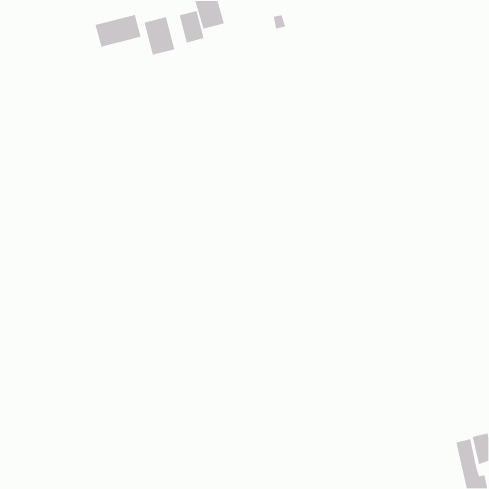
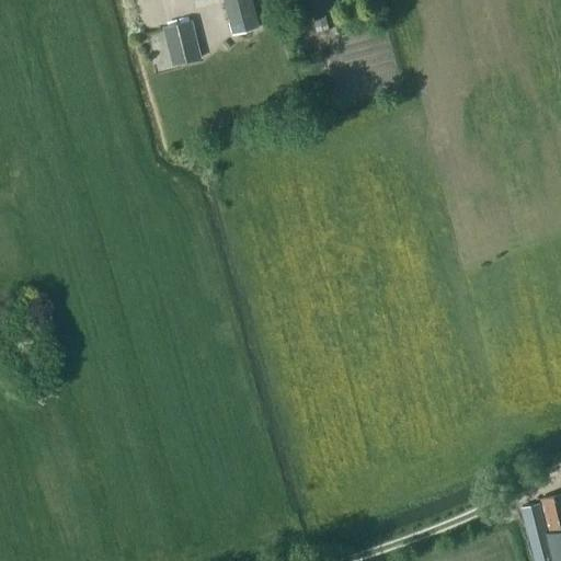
building: [179,10,205,43] -> none
building: [95,14,142,48] -> none

